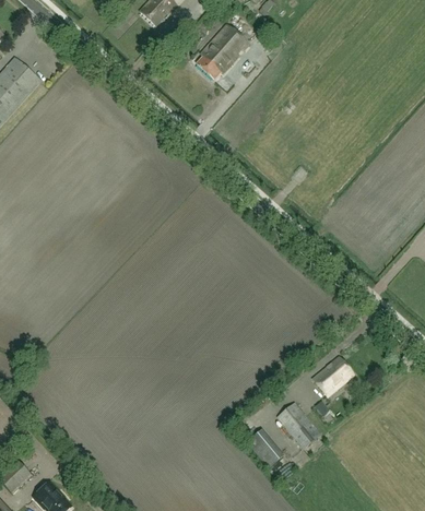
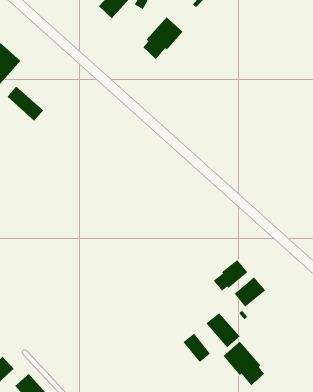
building: none -> [7,86,44,121]
building: none -> [213,259,248,291]
building: none -> [223,341,265,386]

